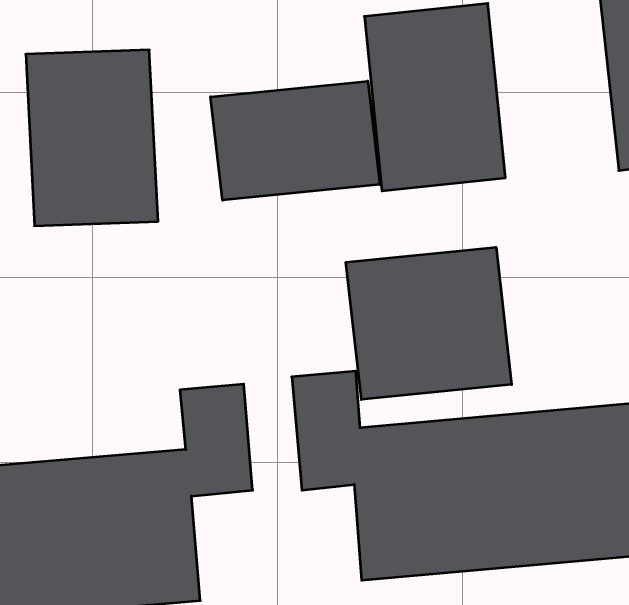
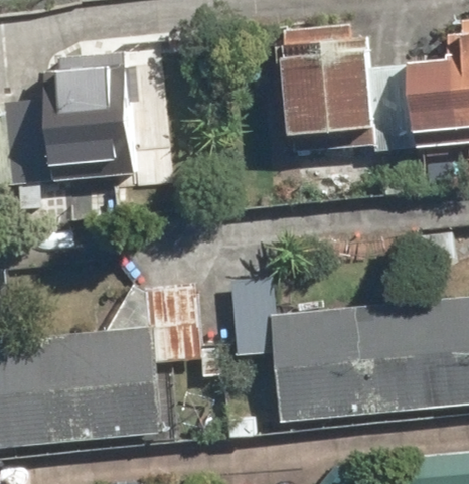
building: [211,81,380,200] -> none
building: [346,247,512,400] -> none

